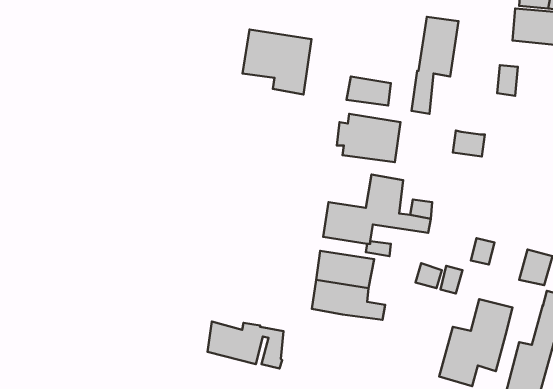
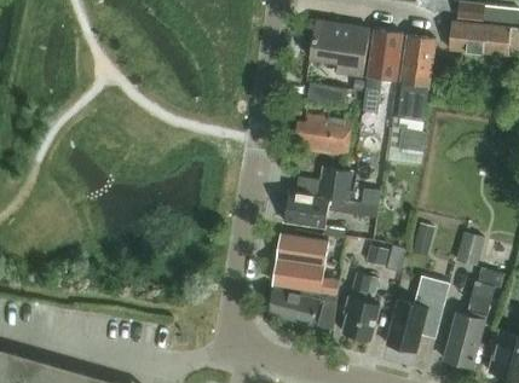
building: none -> [398,34,436,121]
building: [243,29,312,94] -> [310,19,370,76]
building: none -> [342,272,380,340]
building: [208,321,284,368] -> [270,288,336,329]

